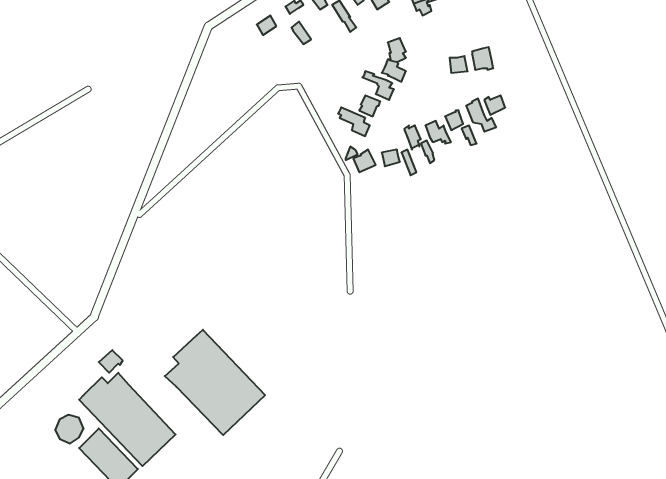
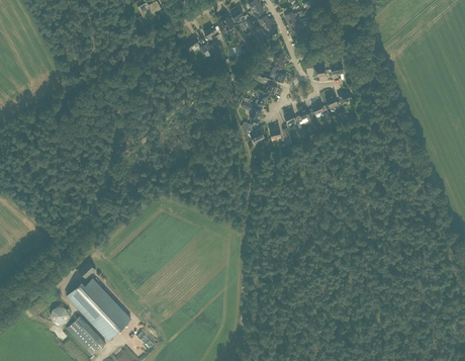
building: [165,330,265,435] -> none

